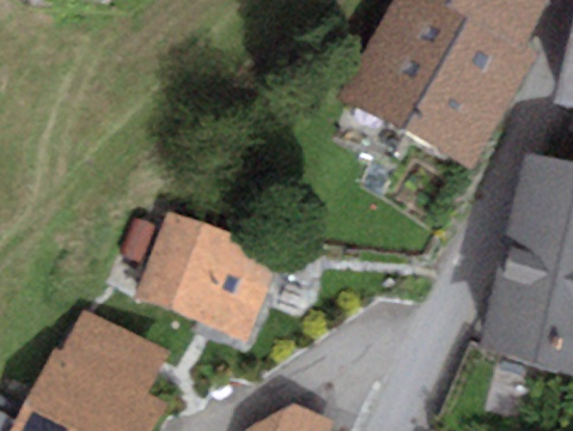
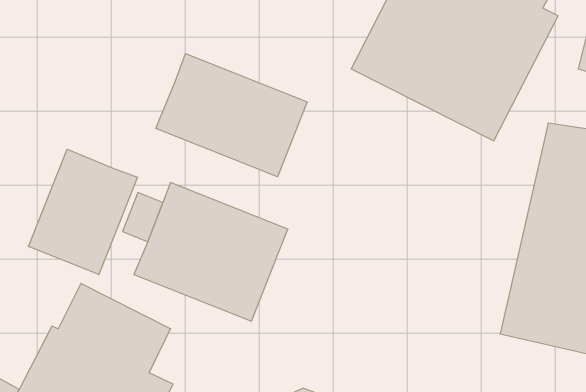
building: none -> [156,54,307,177]
building: none -> [28,149,138,275]

